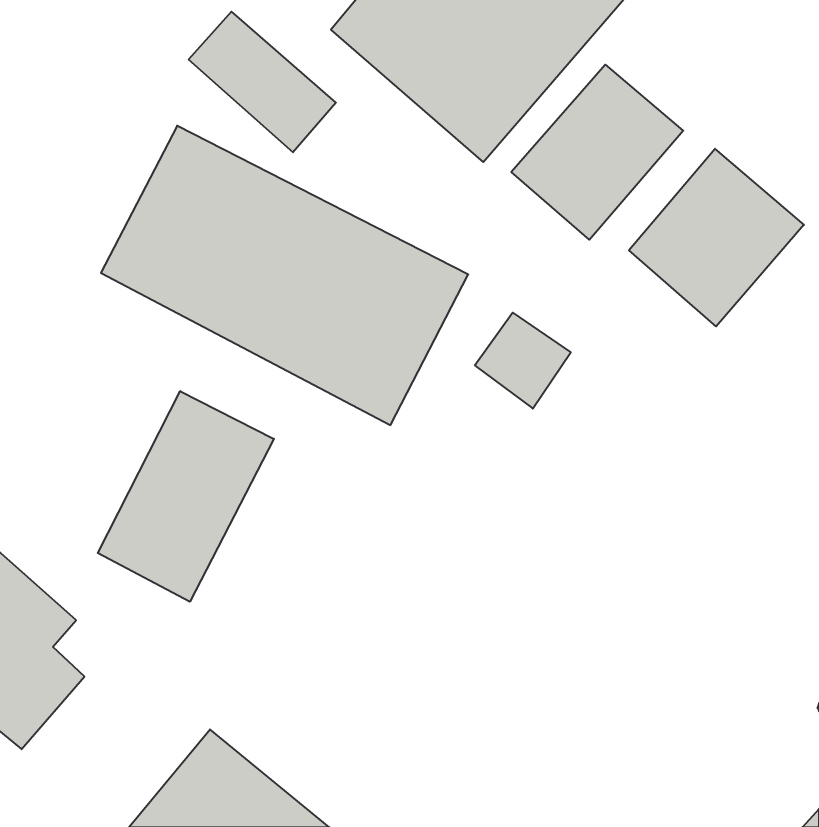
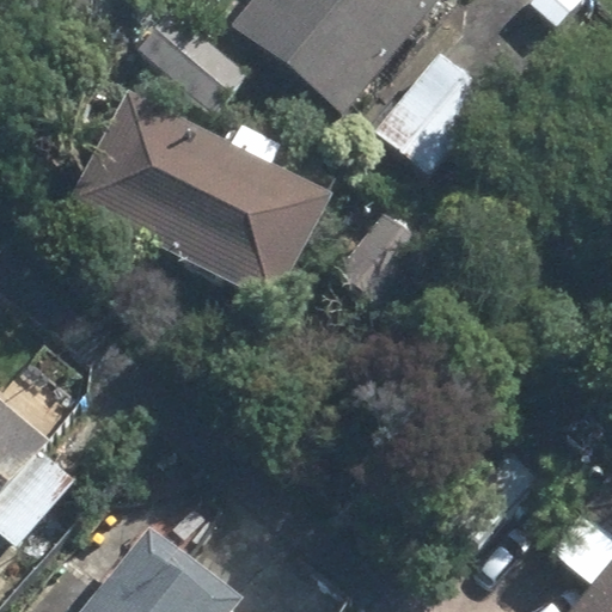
building: [629,149,804,326] -> none
building: [98,391,274,602] -> none

